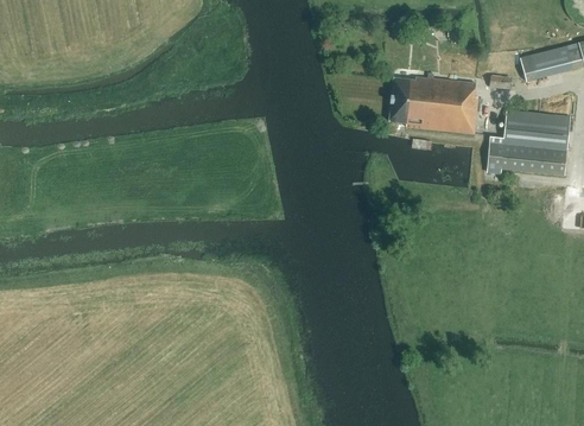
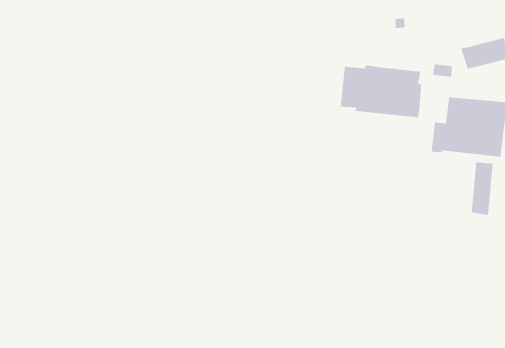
building: none -> [471,161,493,216]

